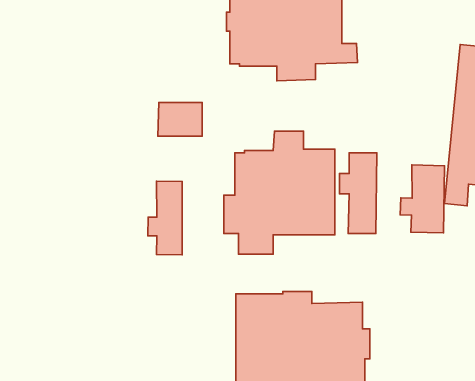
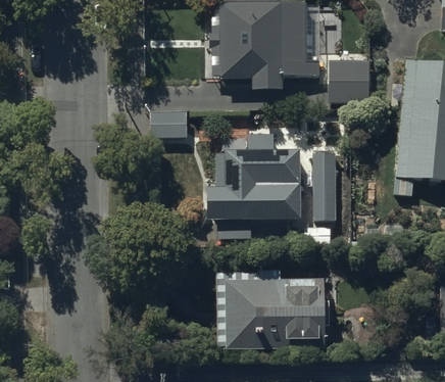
building: none -> [329,59,367,103]
building: [400,165,445,233] -> none
building: [148,181,182,255] -> none

